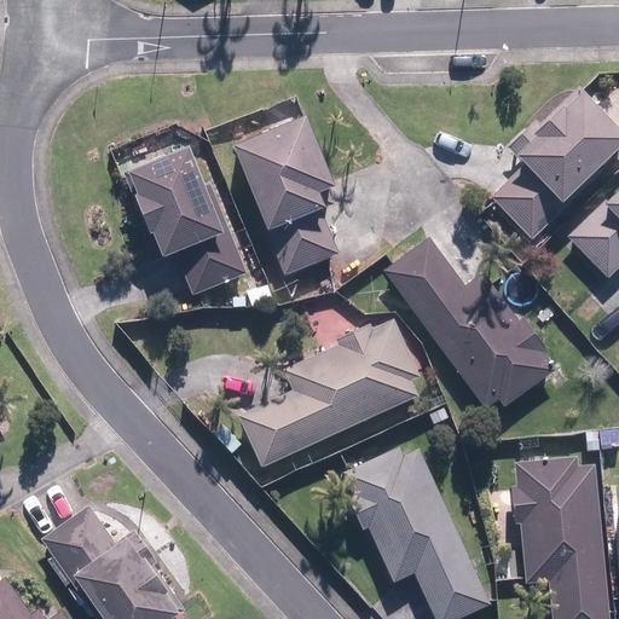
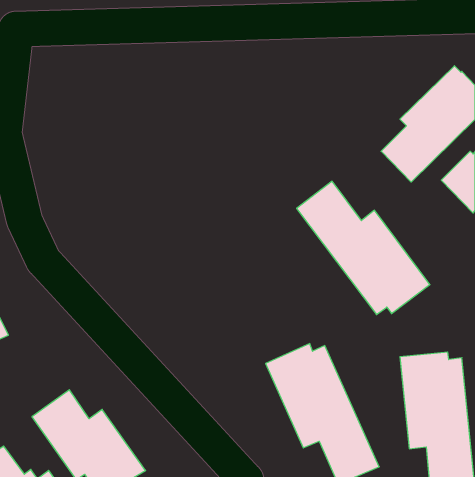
building: [238,114,340,276] -> none
building: [123,144,245,294] -> none
building: [237,319,420,467] -> none

